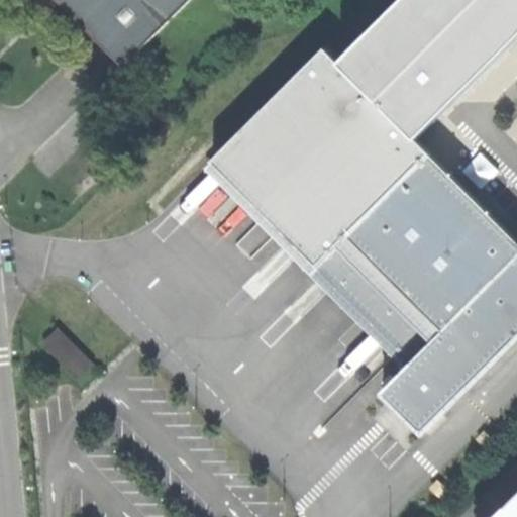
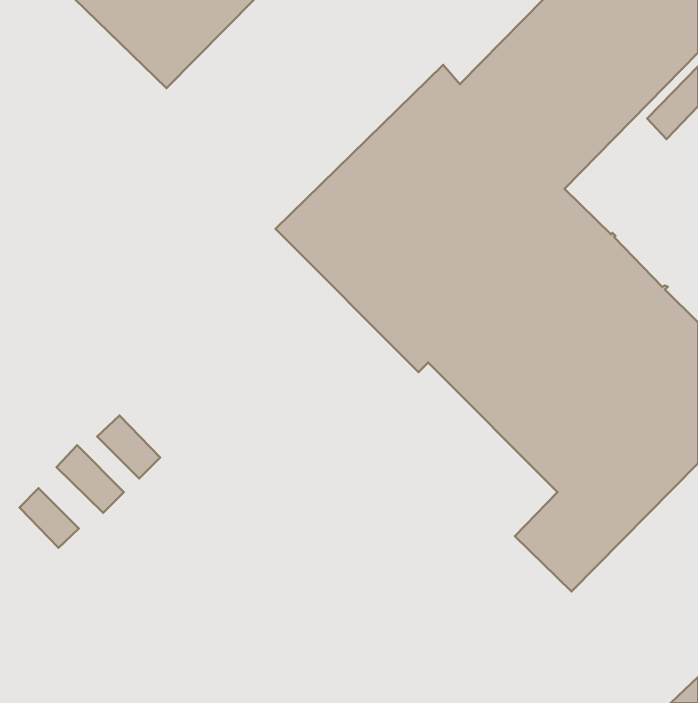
building: none -> [97,415,160,479]
building: none -> [19,488,79,548]

